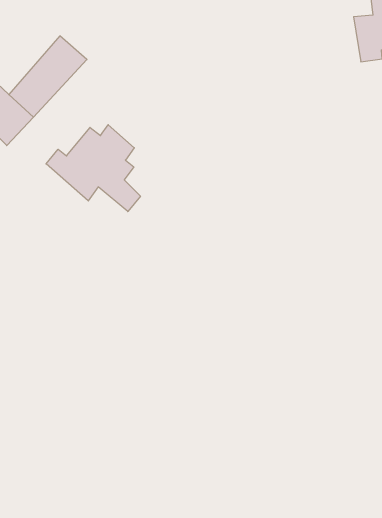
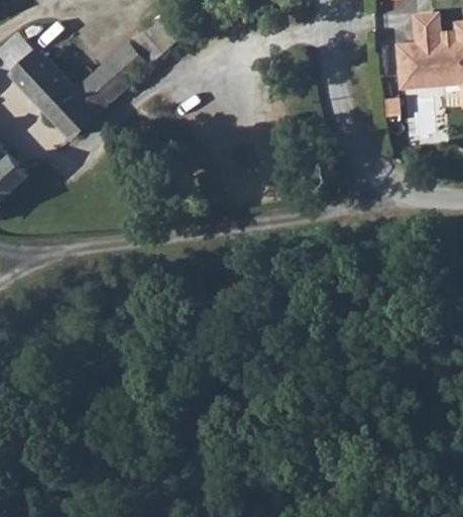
building: [46,125,140,212] -> none

